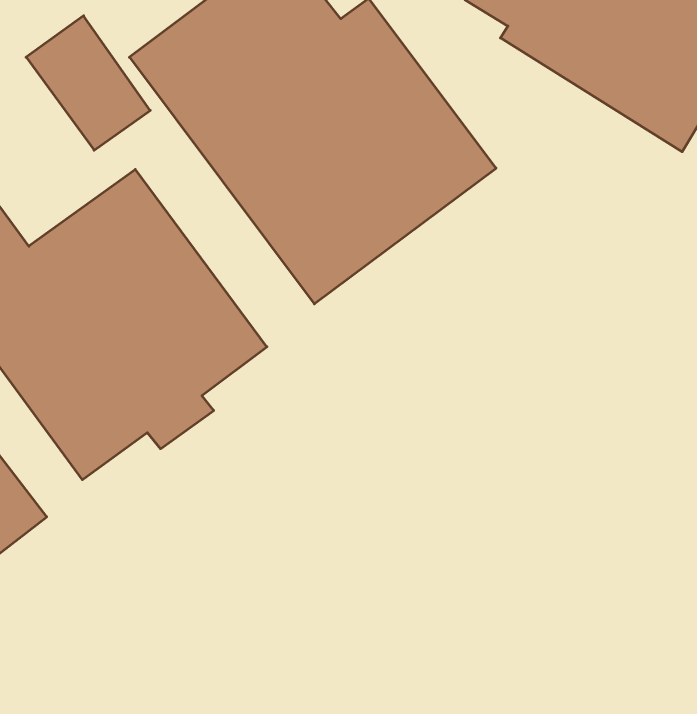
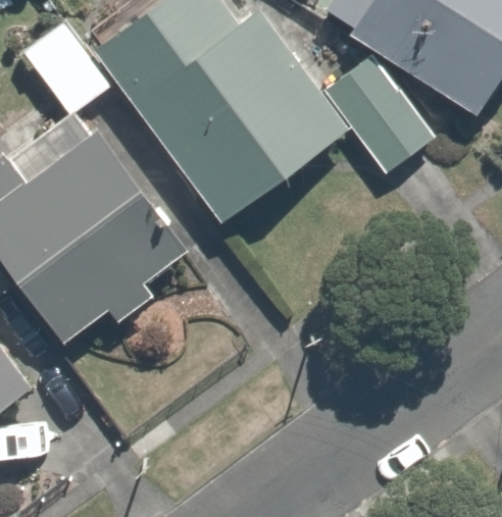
building: none -> [322,54,434,173]

